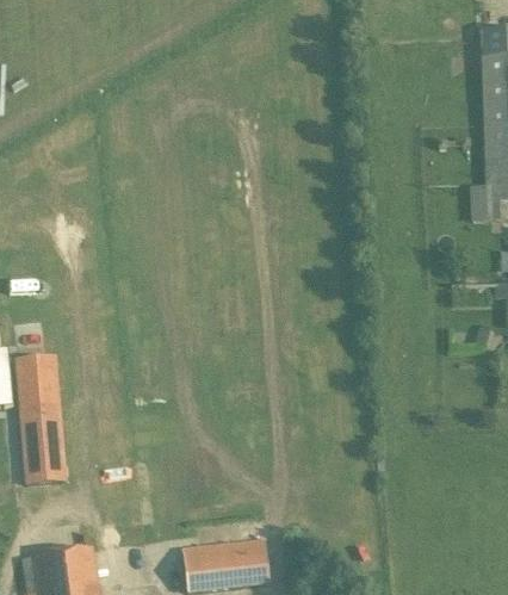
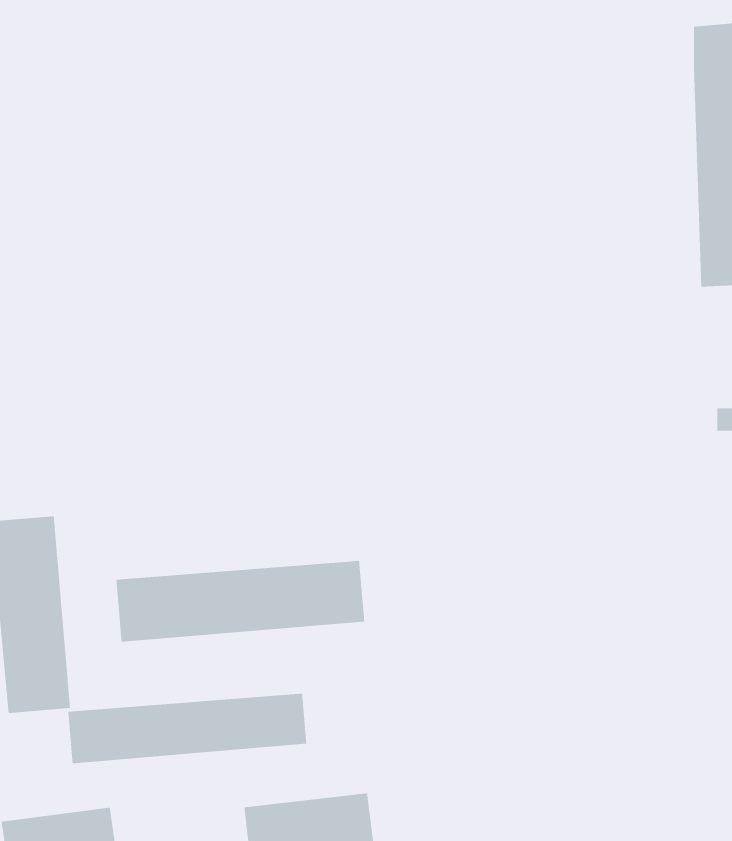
building: none -> [116,560,365,643]
building: none -> [68,693,307,764]

